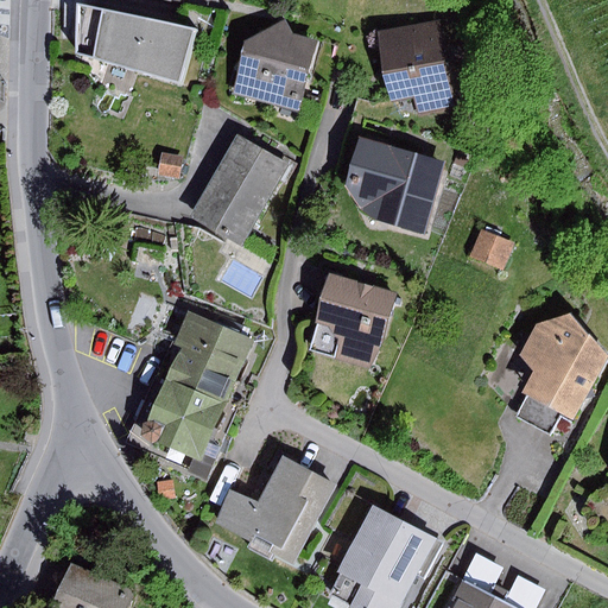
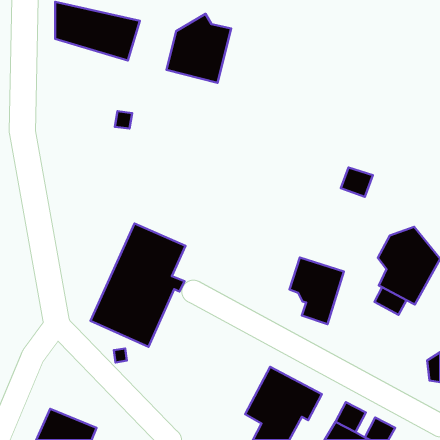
building: [378,20,454,112] -> none
building: [188,134,287,247] -> none
building: [346,140,444,232] -> none
building: [316,277,391,368] -> [290,258,344,324]
building: [214,455,336,564] -> none

